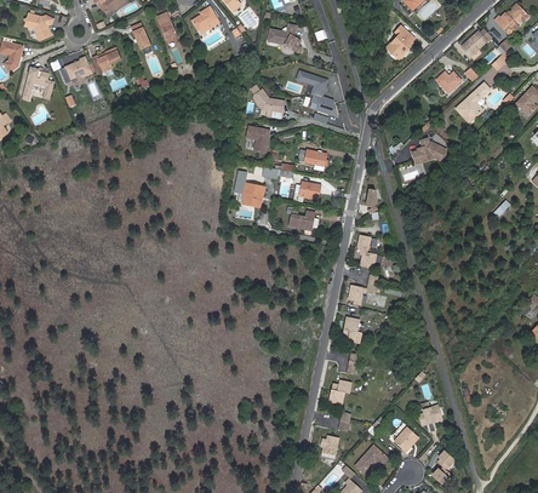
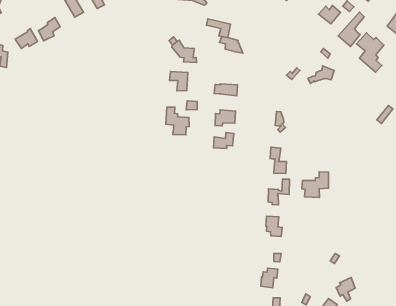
building: none -> [356,33,384,72]
building: none -> [302,172,328,197]

